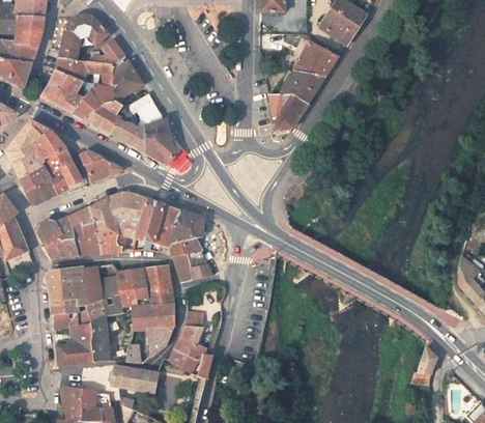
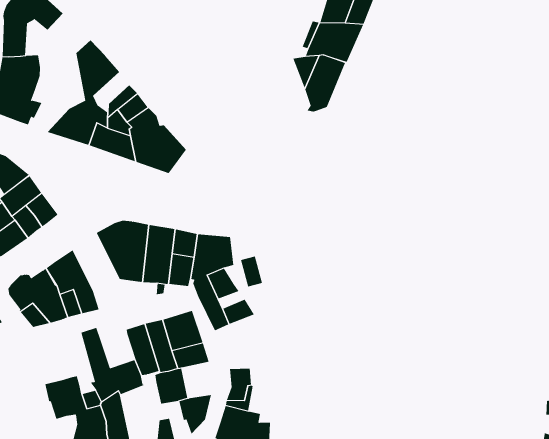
building: [70,39,125,119] -> none
building: [80,150,122,181] -> none
building: [88,198,122,254] -> none
building: [49,267,88,307] -> none
building: [98,275,120,298] -> none
building: [153,305,174,329] -> none

